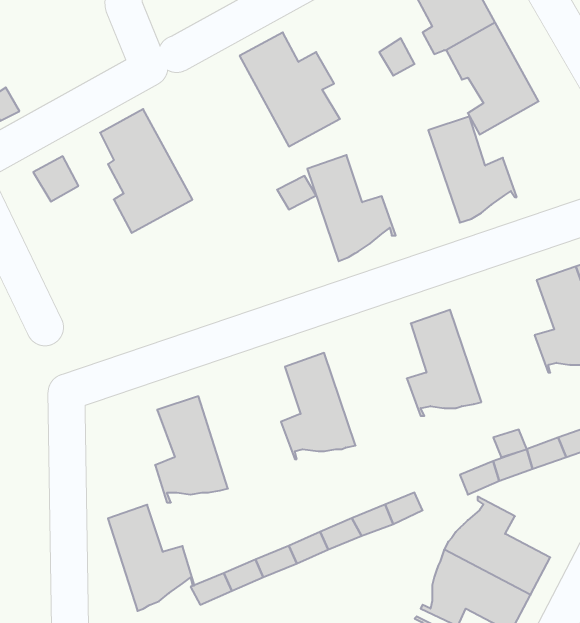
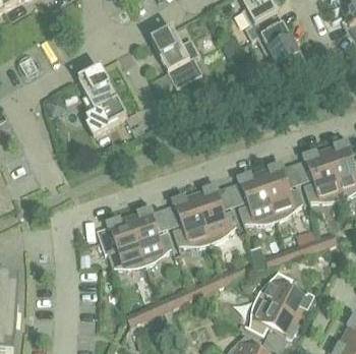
building: [428,116,517,223] -> [259,163,305,218]
building: [307,155,396,261] -> [194,185,240,240]
building: [108,505,194,611] -> [129,208,174,262]

